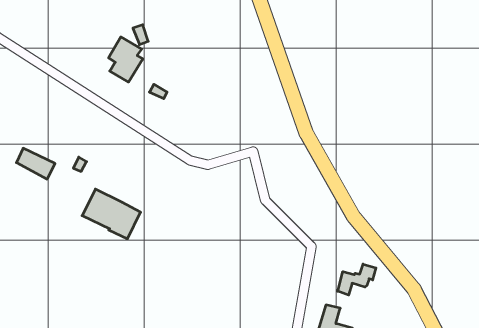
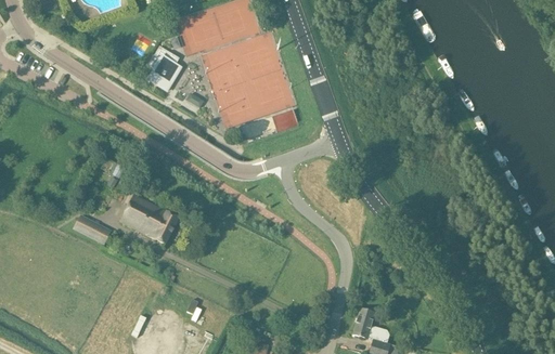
building: [16,148,55,179] -> [73,214,111,245]
building: [338,264,376,295] -> none

